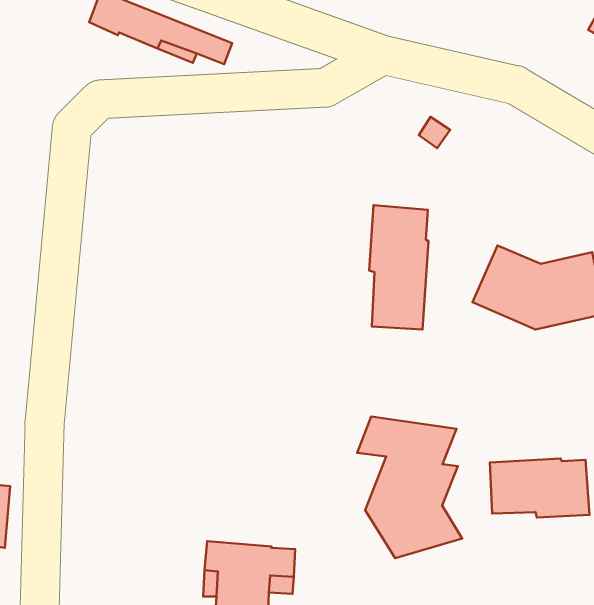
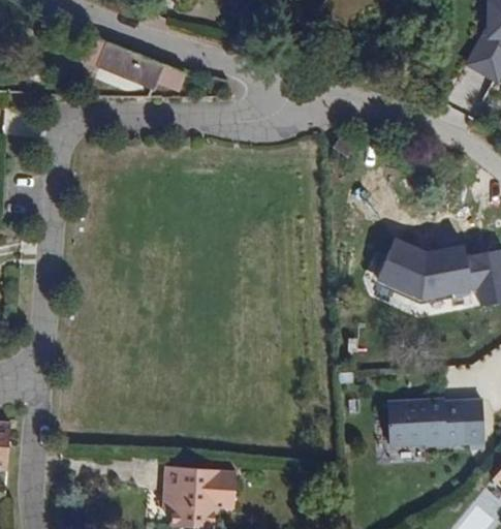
building: [369,205,429,330] -> none
building: [357,416,462,558] -> none

